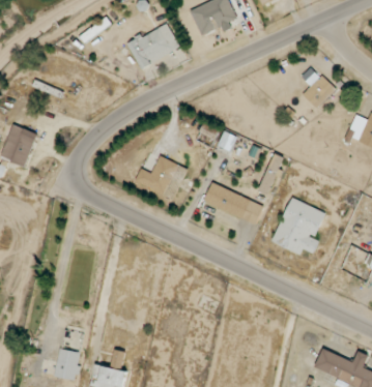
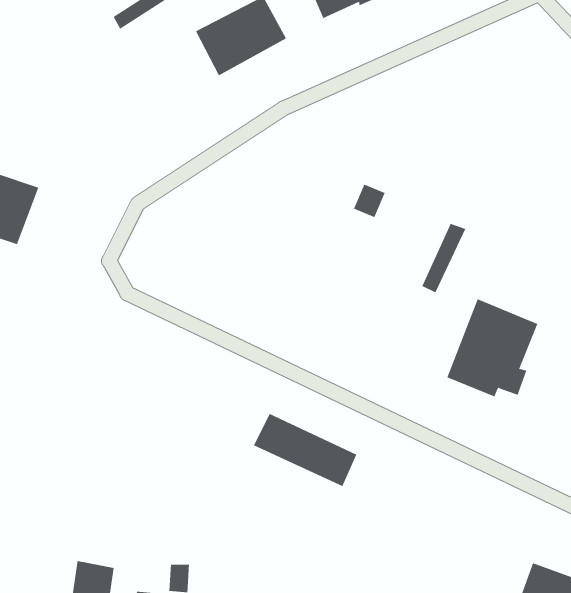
building: [298,72,336,109] -> none
building: [135,156,188,199] -> none
building: [203,182,263,225] -> [253,413,357,487]

